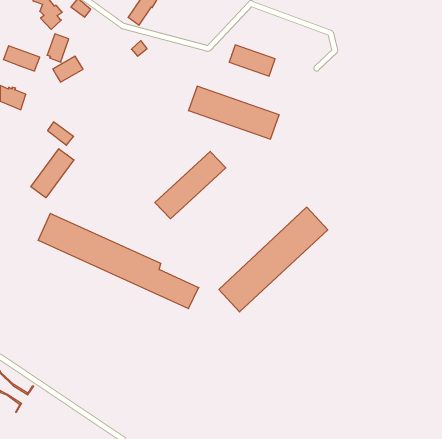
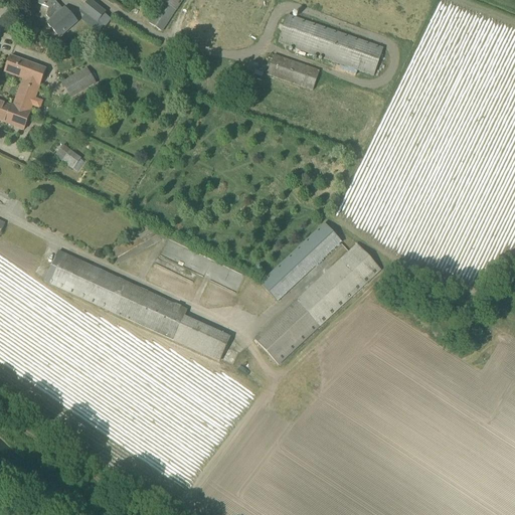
building: [47,34,69,62] -> [14,76,39,110]
building: [188,86,279,139] -> [278,12,383,73]
building: [31,149,74,198] -> none
building: [155,151,226,219] -> [261,221,343,300]

